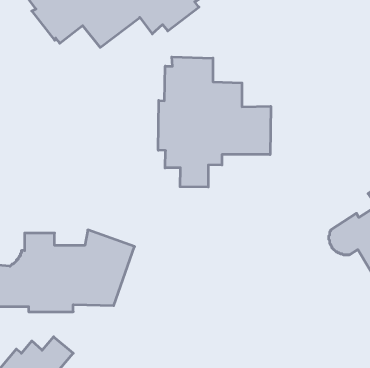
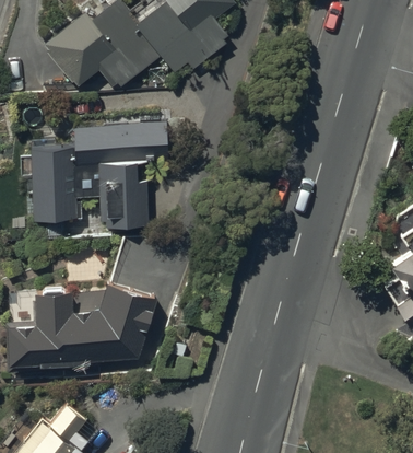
building: [158,57,271,187] -> none
building: none -> [32,123,167,232]

